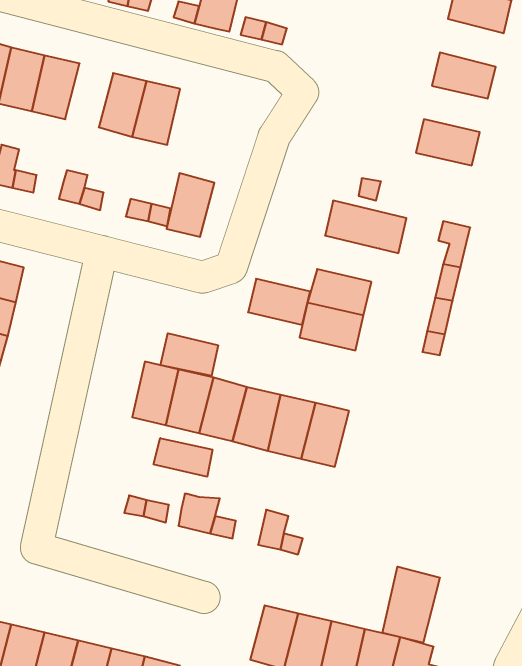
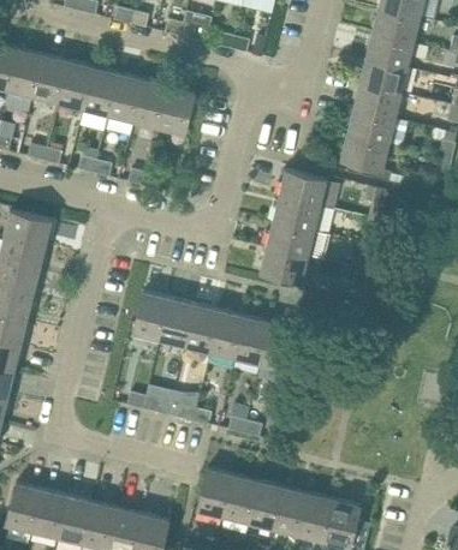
building: none -> [365,34,414,70]
building: none -> [83,67,119,115]
building: none -> [353,84,402,119]
building: none -> [340,134,391,183]
building: [167,173,214,237] -> [160,86,196,134]
building: [248,279,310,325] -> [273,197,320,232]
building: [160,333,218,376] -> none
building: [154,438,212,477] -> none
building: [382,567,440,643] -> none
building: none -> [197,468,233,516]

